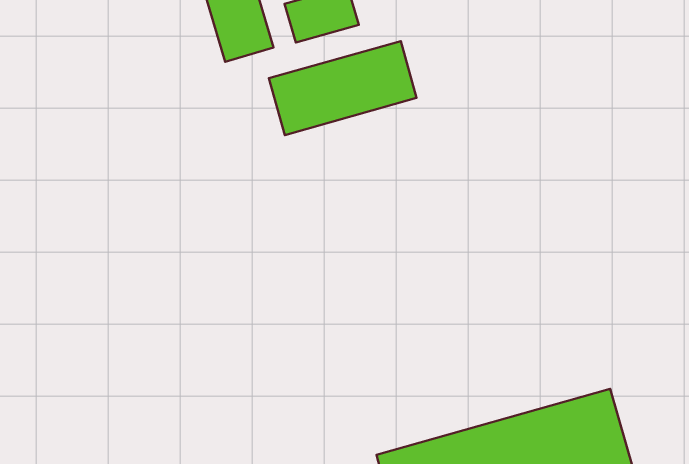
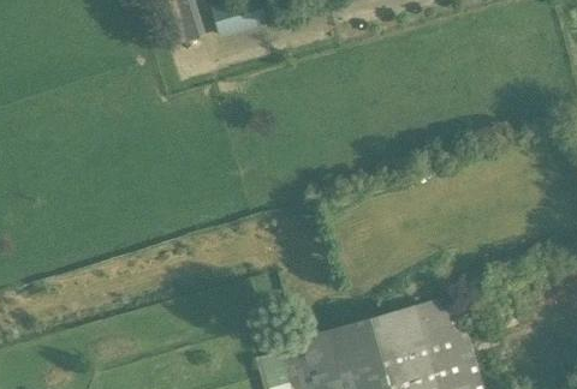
building: [269,41,417,135] -> none

